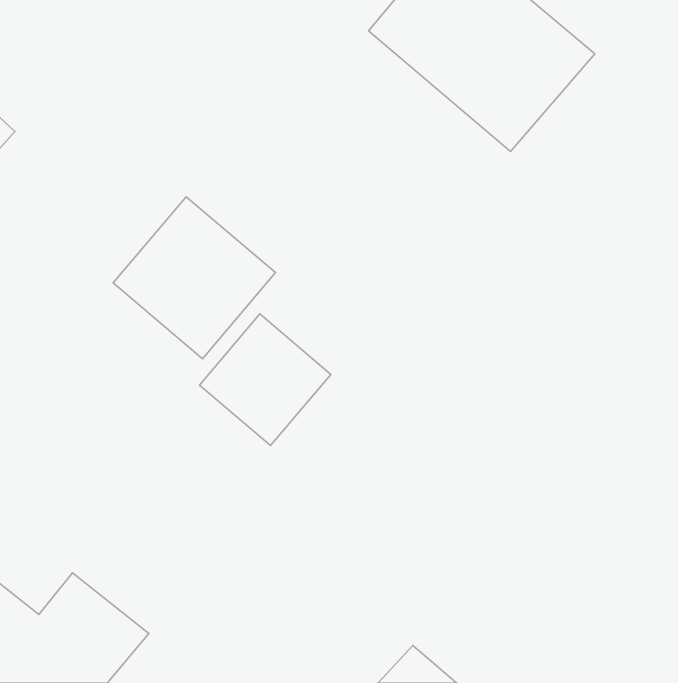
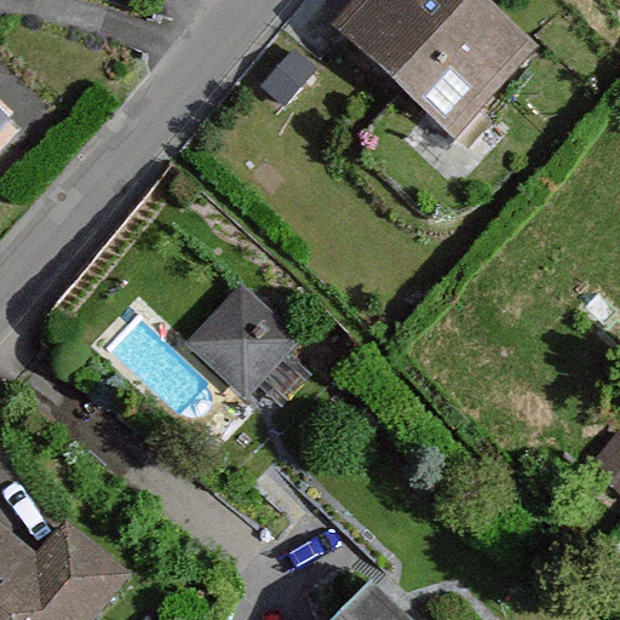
building: [113,197,275,359] -> none

